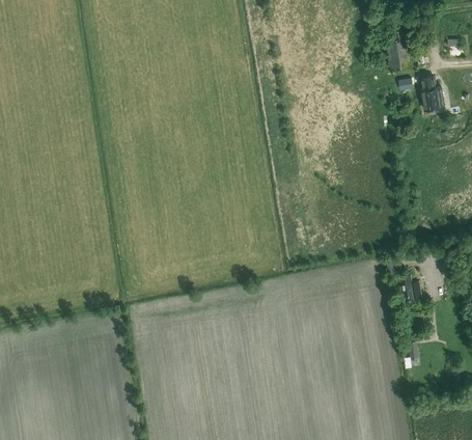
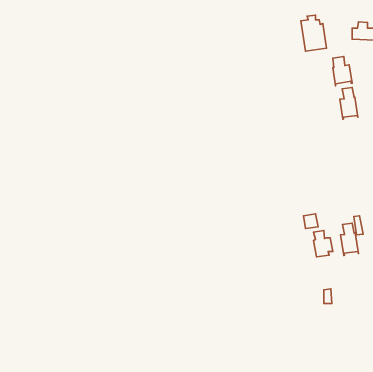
building: none -> [340,88,358,119]
building: none -> [340,223,358,256]

